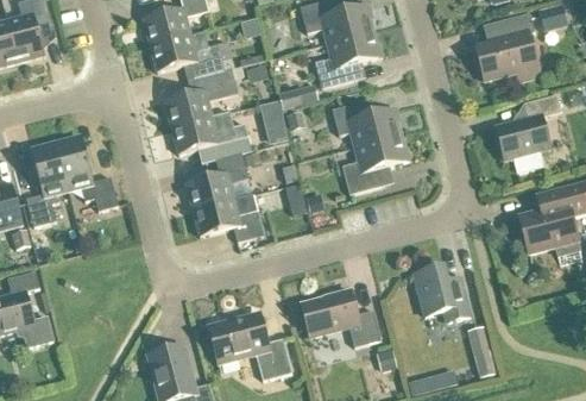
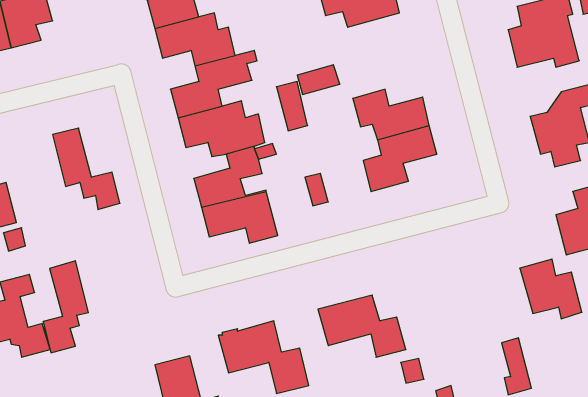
building: [314,30,382,88] -> none
building: [26,142,68,226] -> [43,261,88,353]
building: [412,265,470,320] -> [520,259,582,319]

